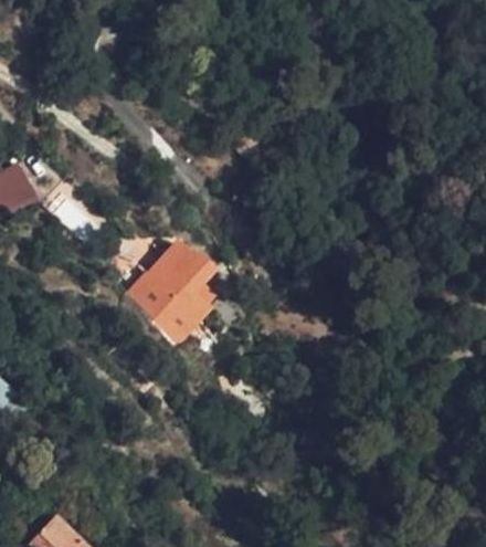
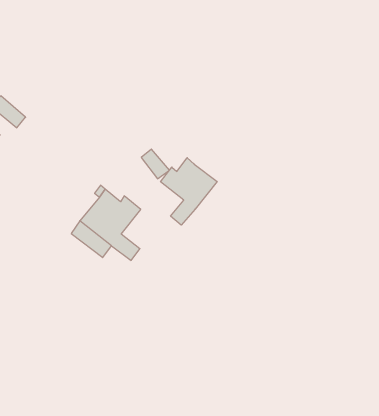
building: none -> [161,158,217,225]

